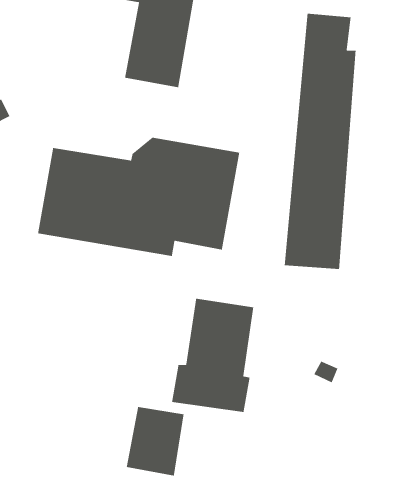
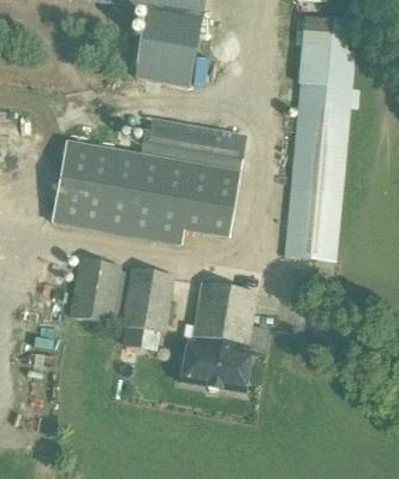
building: none -> [69,257,121,324]
building: [126,406,185,477] -> [120,267,175,333]

